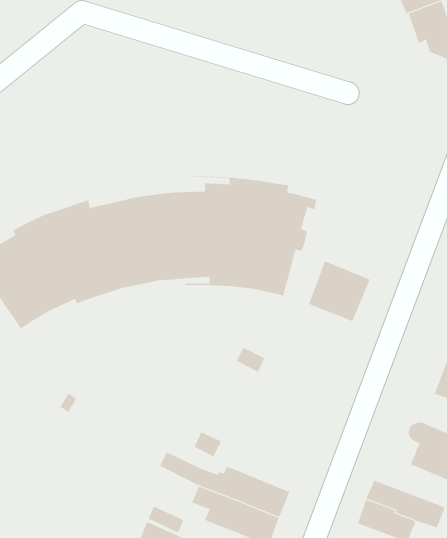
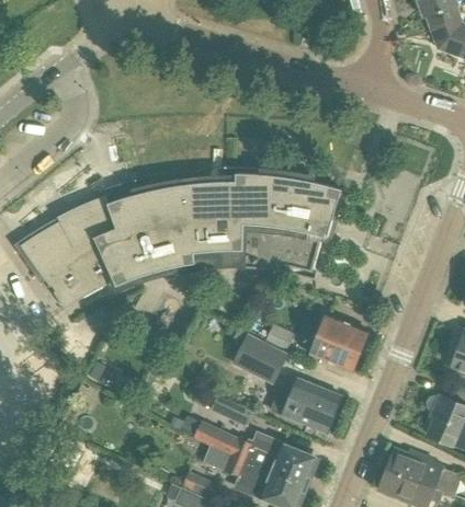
building: [308,261,371,322] -> [310,314,368,371]
building: none -> [234,335,286,382]
building: none -> [271,379,341,433]

